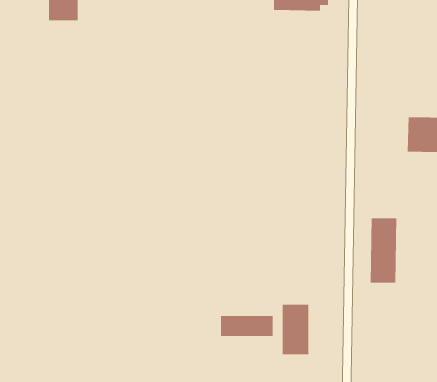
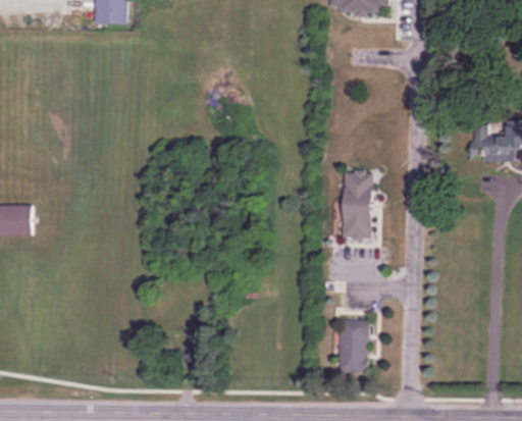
building: [370,218,397,283] -> [344,171,372,240]
building: [220,315,273,337] -> none

